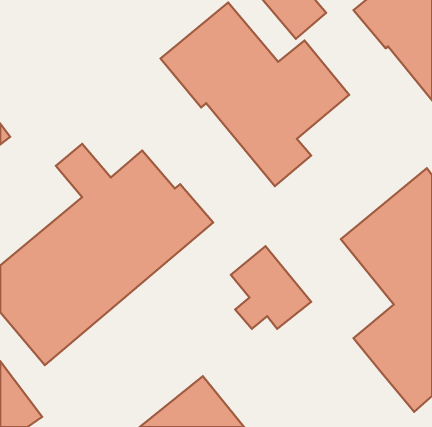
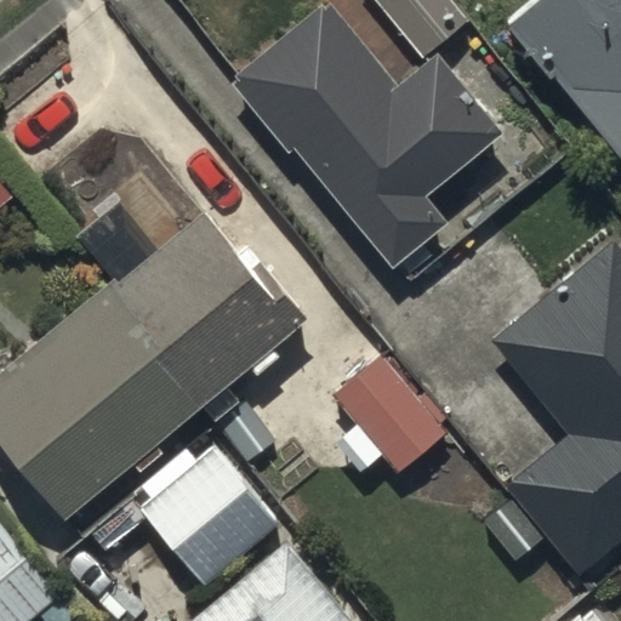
building: none -> [139,445,280,588]

